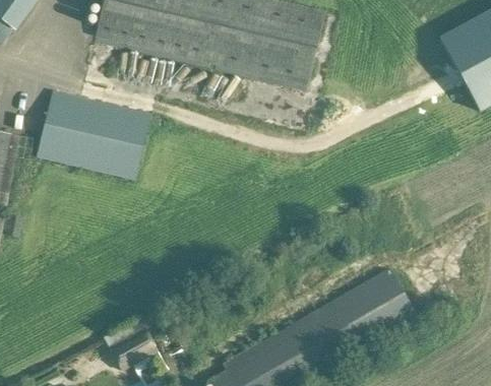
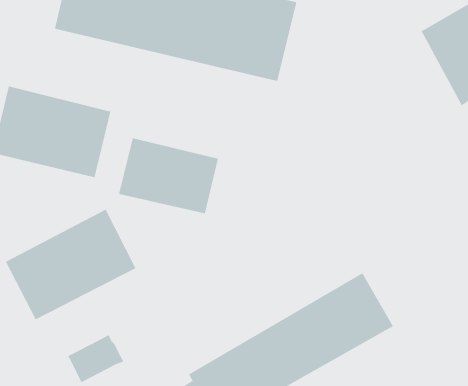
building: none -> [119,137,219,214]
building: none -> [5,209,136,320]

